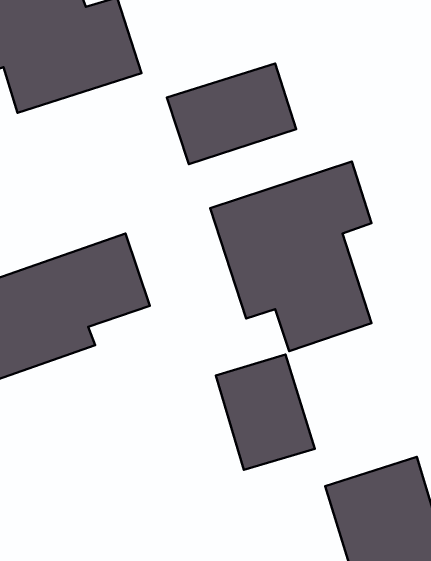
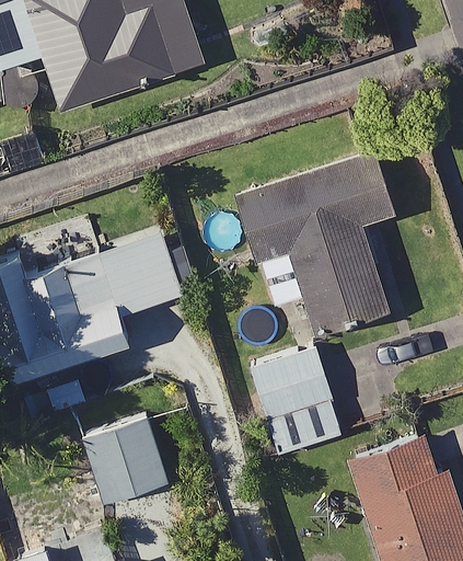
building: [167,63,296,164] -> none
building: none -> [79,409,169,504]

